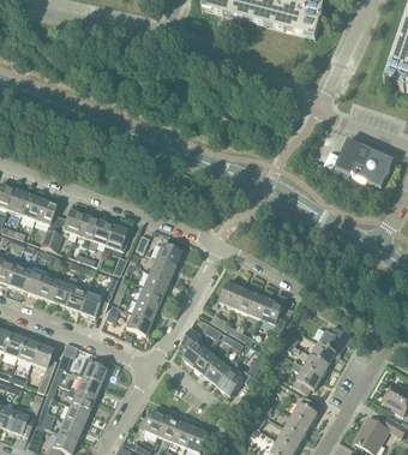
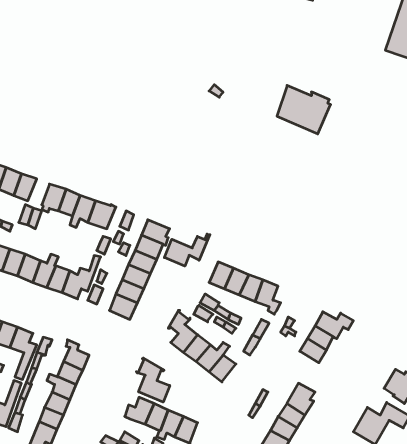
building: [344,142,395,187] -> [277,85,331,134]
building: none -> [164,234,210,266]
building: [293,360,323,394] -> none
building: none -> [136,358,170,402]

